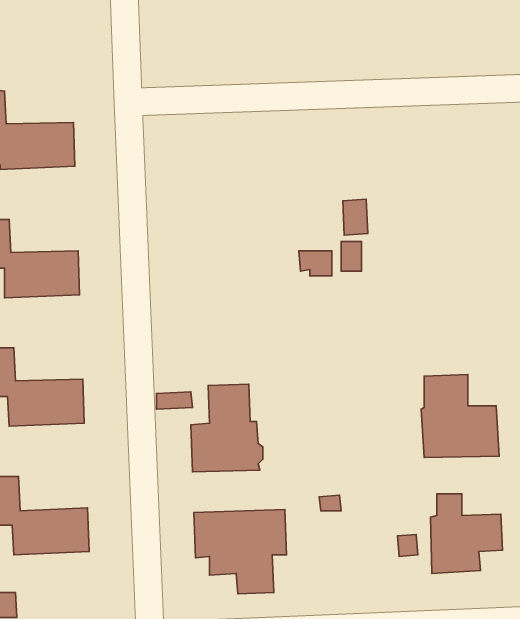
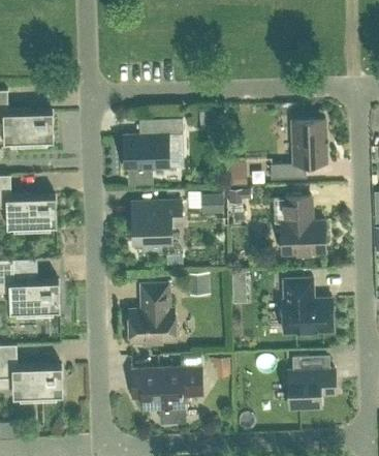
building: none -> [124,118,183,183]
building: none -> [271,119,326,179]
building: none -> [281,196,326,253]
building: none -> [132,201,182,251]

